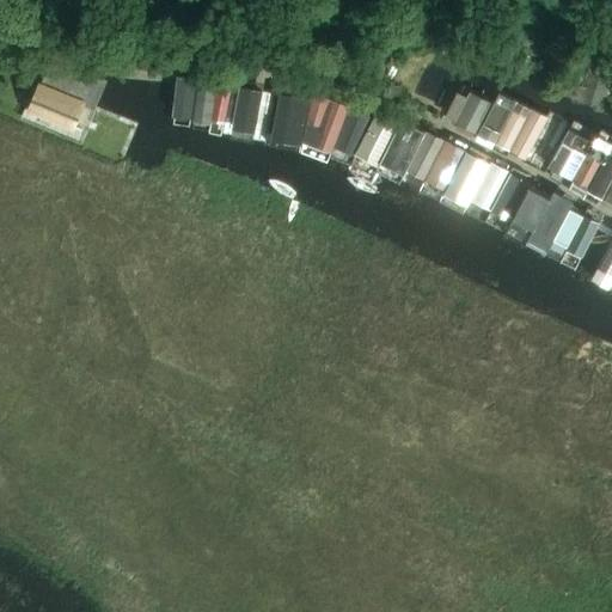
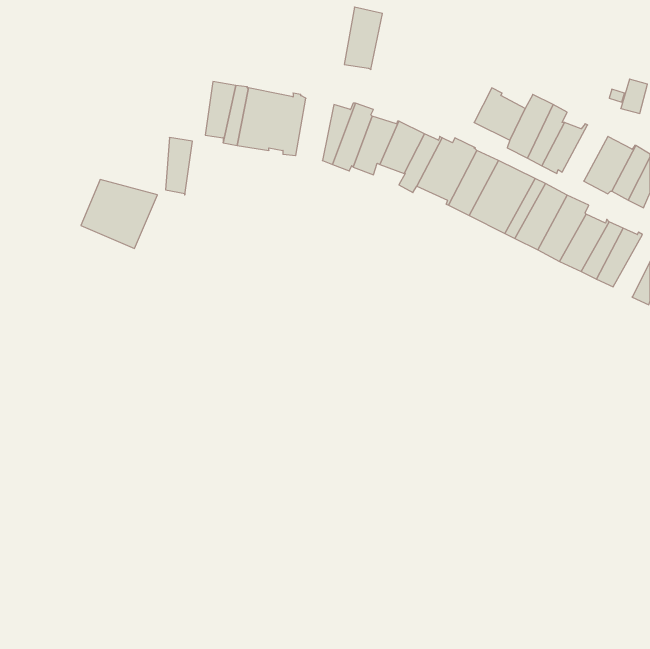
building: [31,68,103,133] -> [81,180,157,248]
building: [175,73,200,127] -> [166,138,192,195]
building: [277,92,313,151] -> [344,7,382,69]

